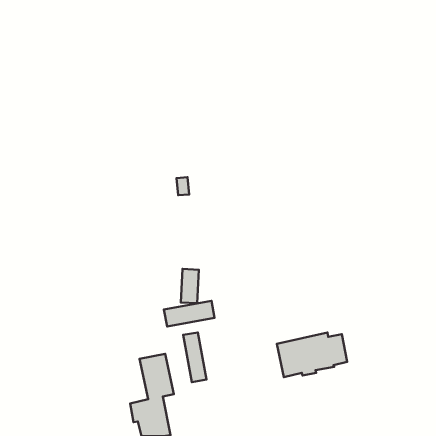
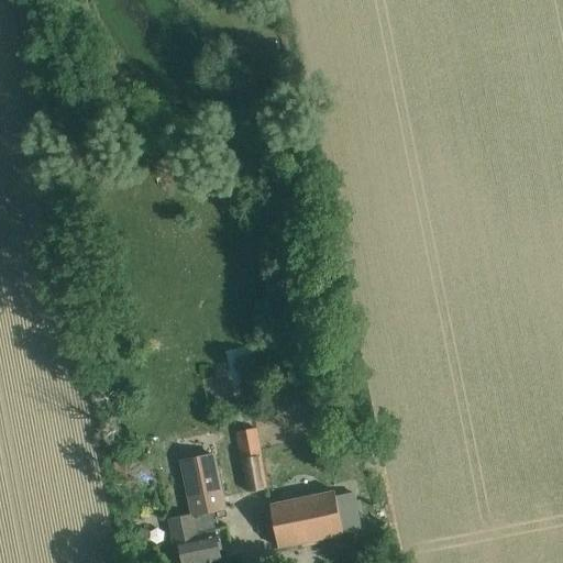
building: [164,301,215,327] -> none
building: [277,333,347,377] -> [268,489,358,547]

